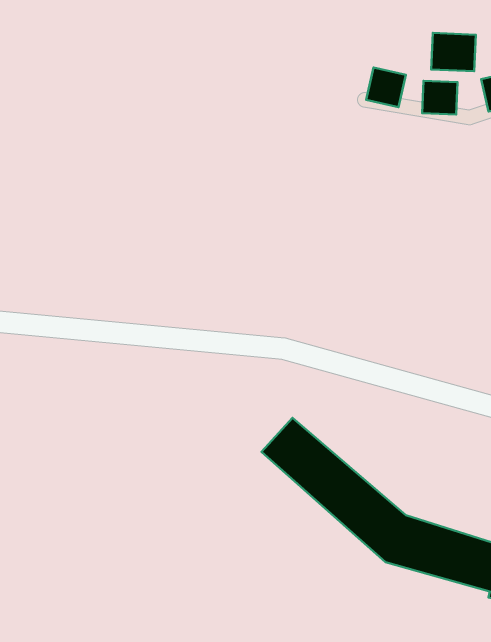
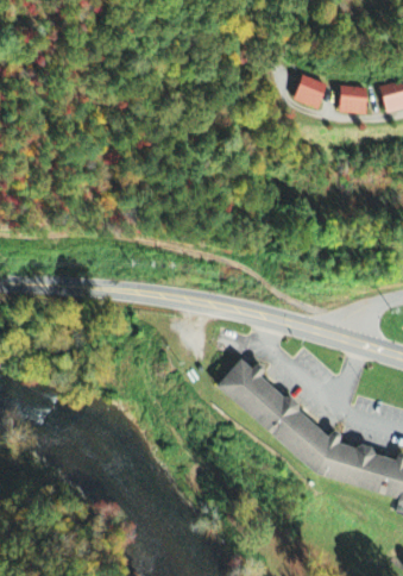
building: [431,33,476,71] -> none

